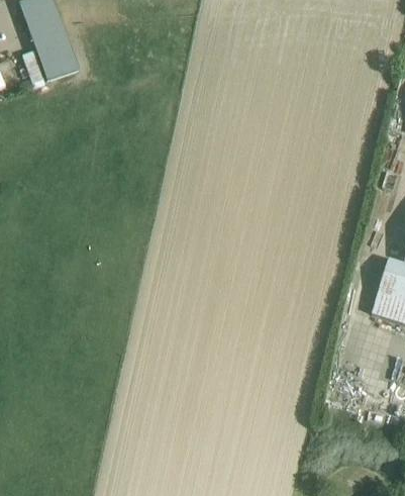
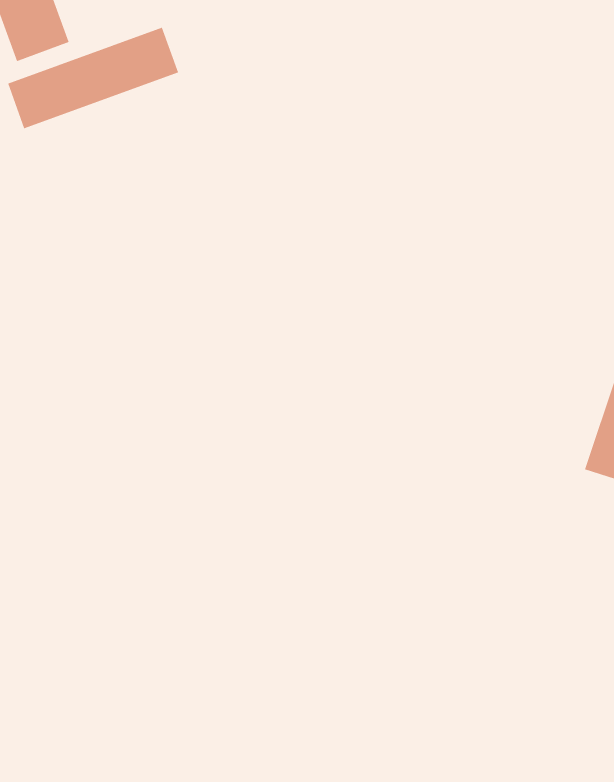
building: none -> [7,27,179,129]

